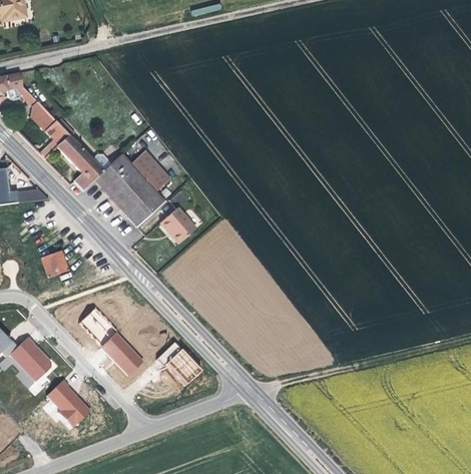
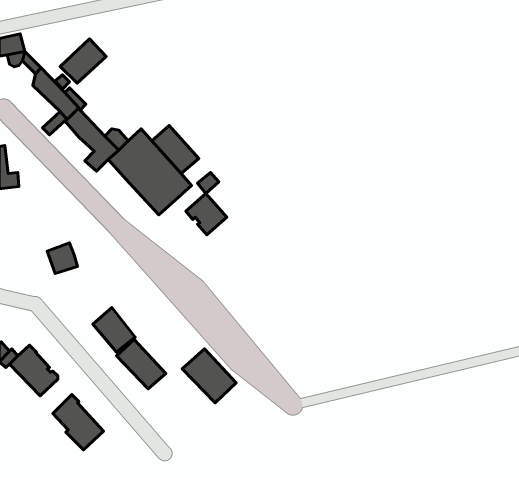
building: none -> [60,39,106,83]

